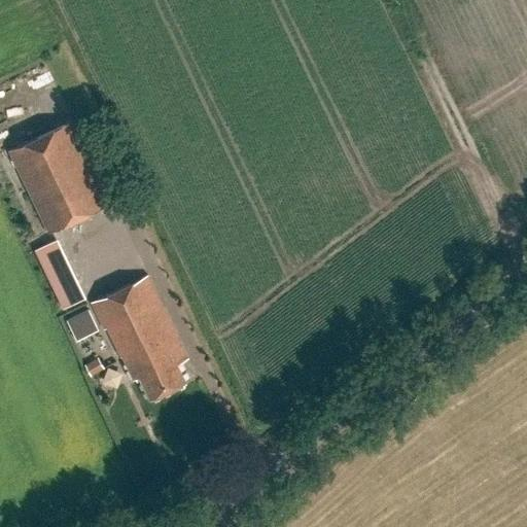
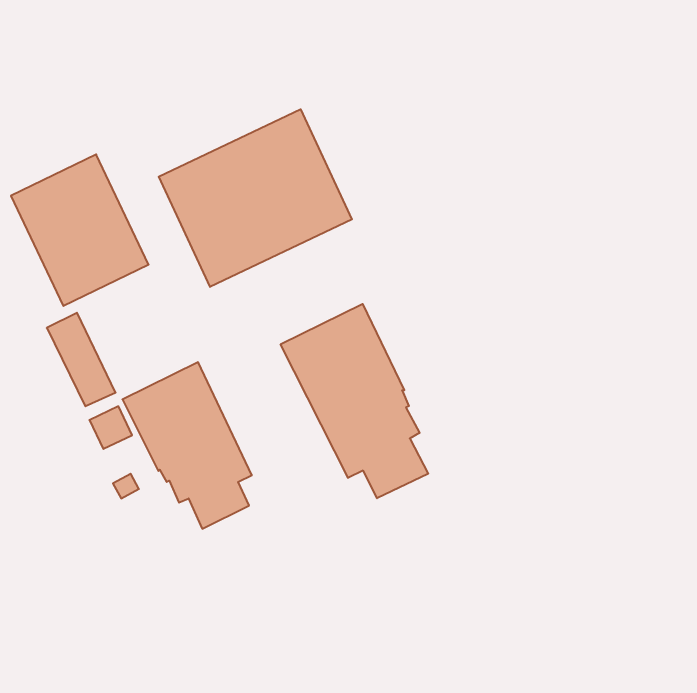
building: none -> [159,109,352,287]
building: none -> [281,304,428,498]

